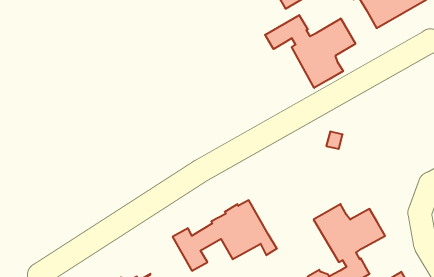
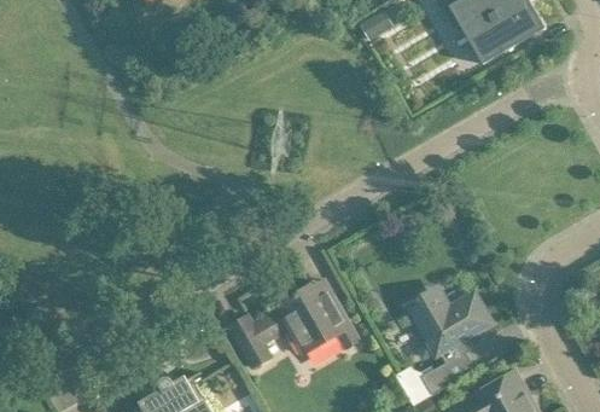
building: [265,15,355,88] -> none

